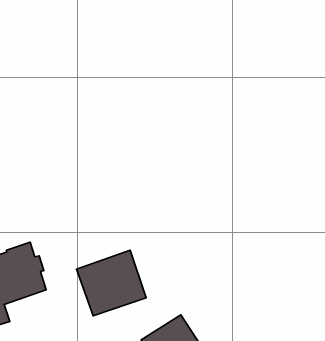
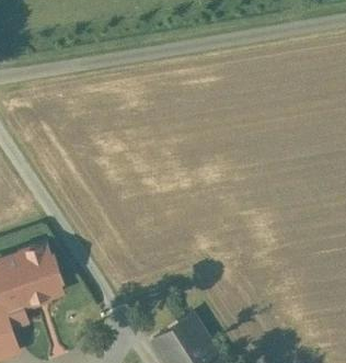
building: [76,250,146,316] -> none

